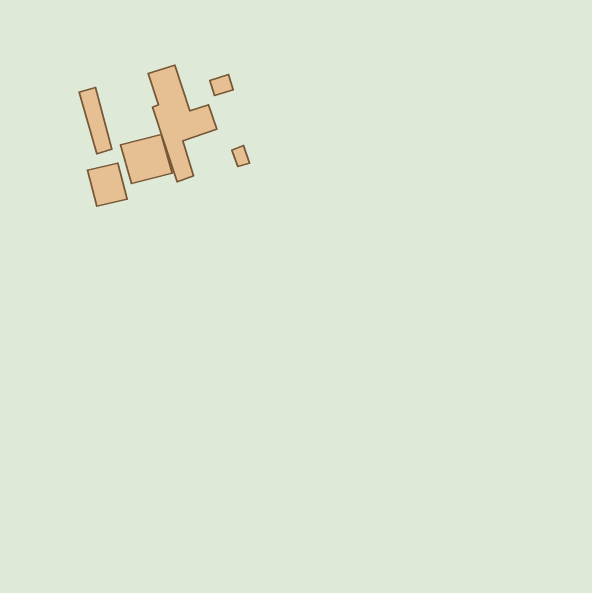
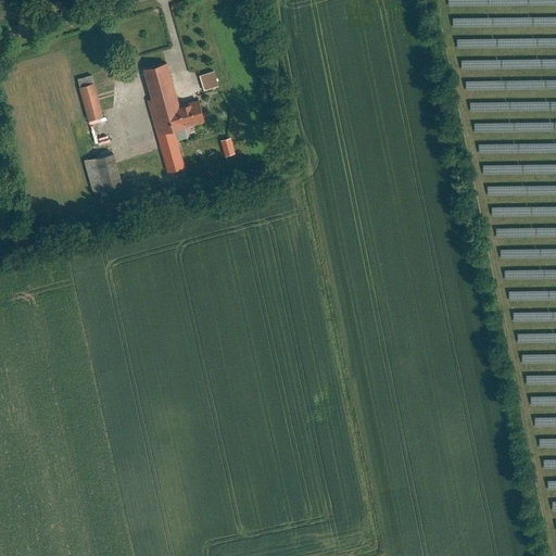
building: [120,134,172,184] -> none

